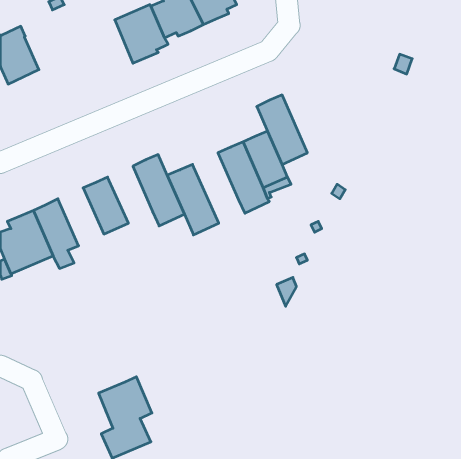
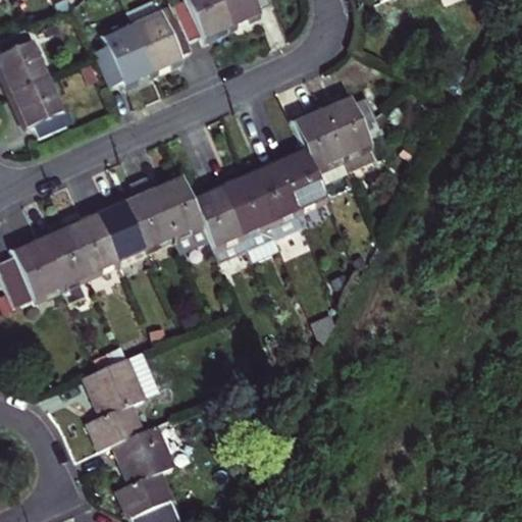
building: none -> [92,22,151,88]
building: none -> [10,79,74,139]
building: none -> [319,94,379,172]
building: none -> [218,172,276,252]
building: none -> [122,176,173,252]
building: none -> [66,212,118,277]
building: none -> [84,353,159,451]

